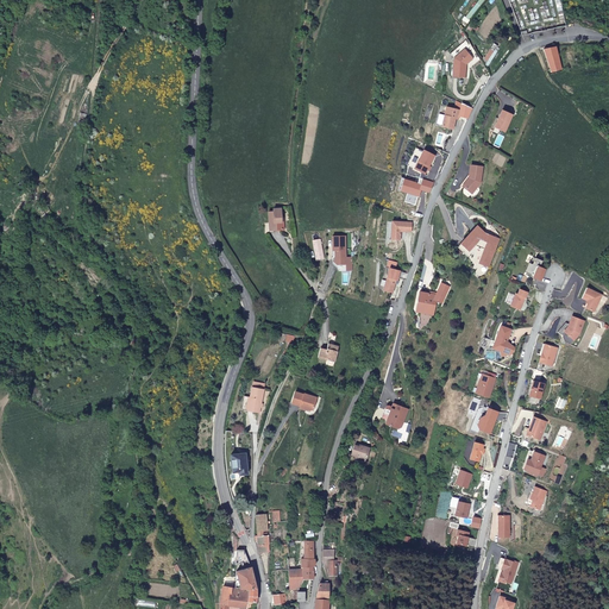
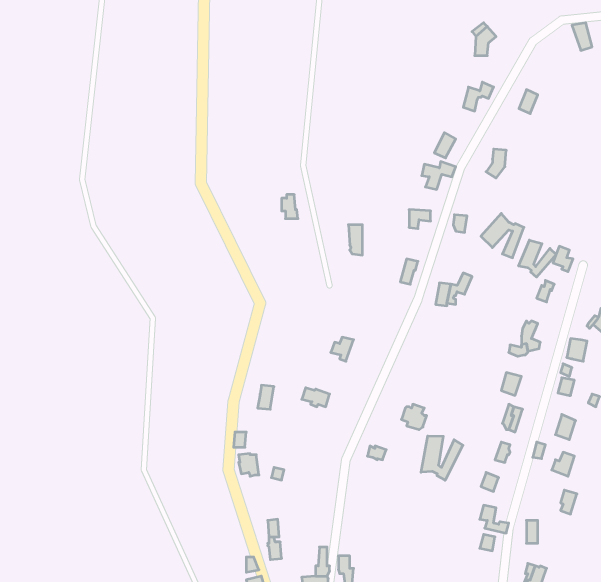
building: none -> [519,240,556,277]
building: none -> [421,436,463,480]

